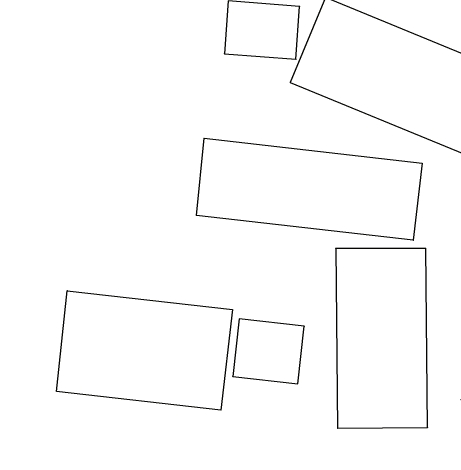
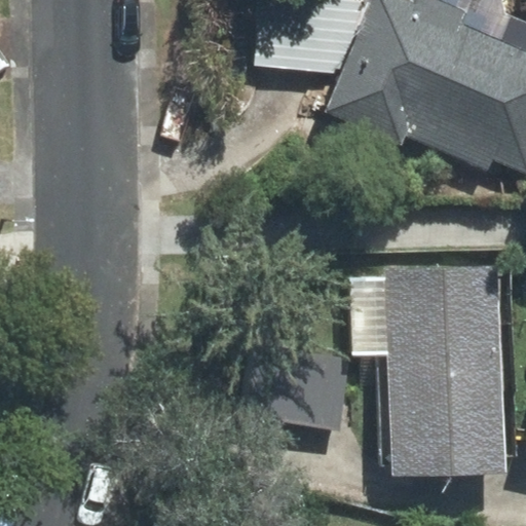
building: [196,138,422,240] -> none
building: [57,291,232,410] -> none

